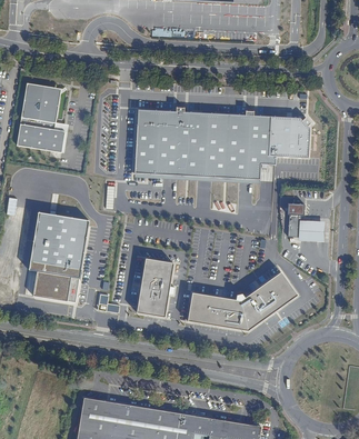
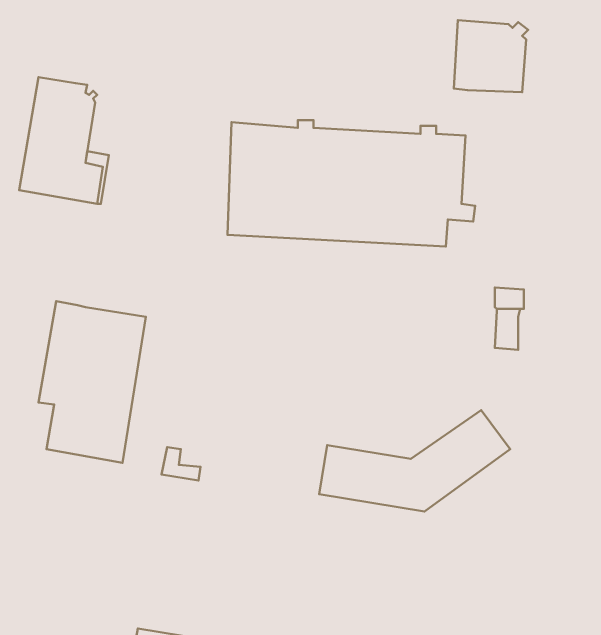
building: [269,116,311,157] -> [454,20,528,92]
building: [301,219,326,241] -> none
building: [137,258,173,317] -> none

